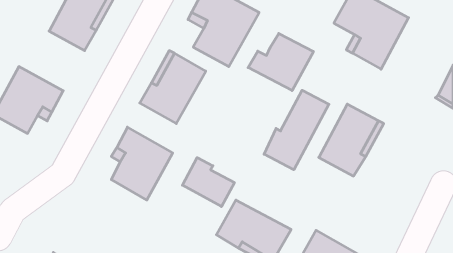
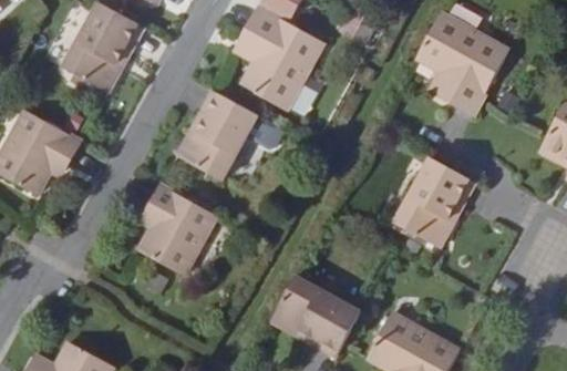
building: [248,33,313,91] -> none
building: [264,90,329,170] -> none
building: [182,158,234,207] -> none

